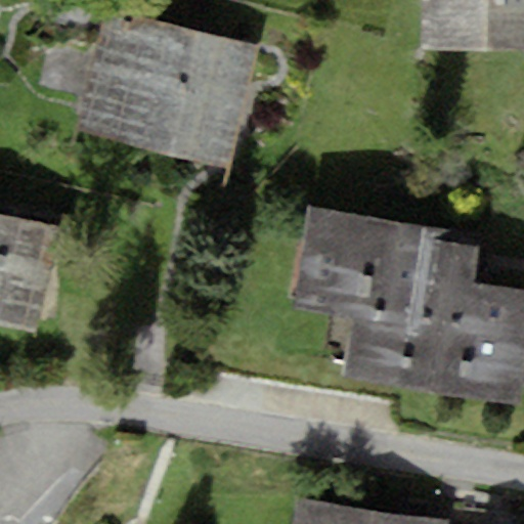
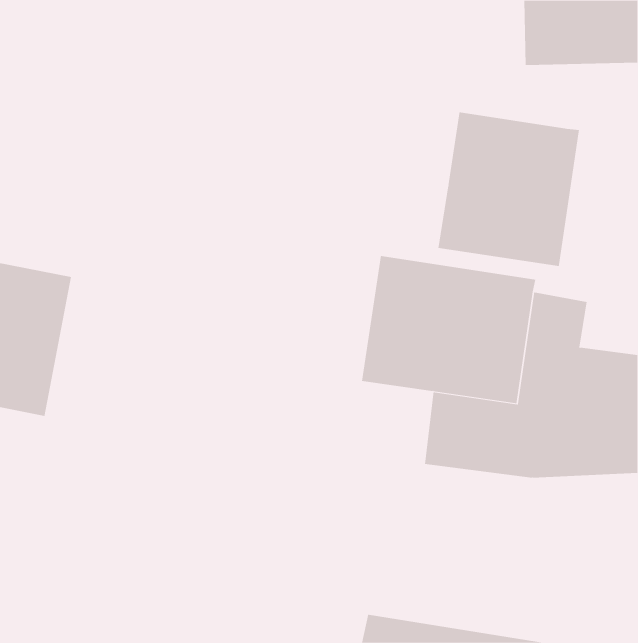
building: [79,8,257,169] -> none
building: none -> [438,112,579,267]

